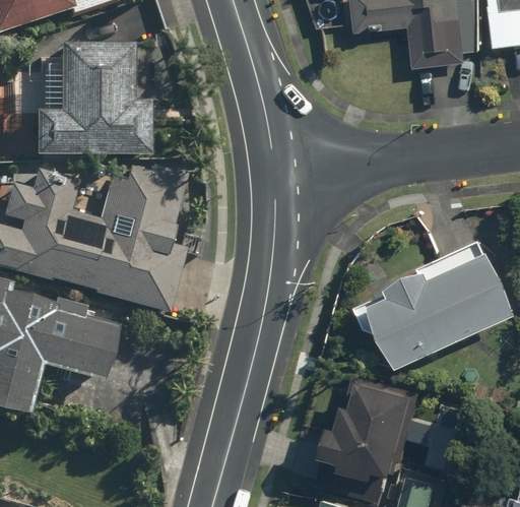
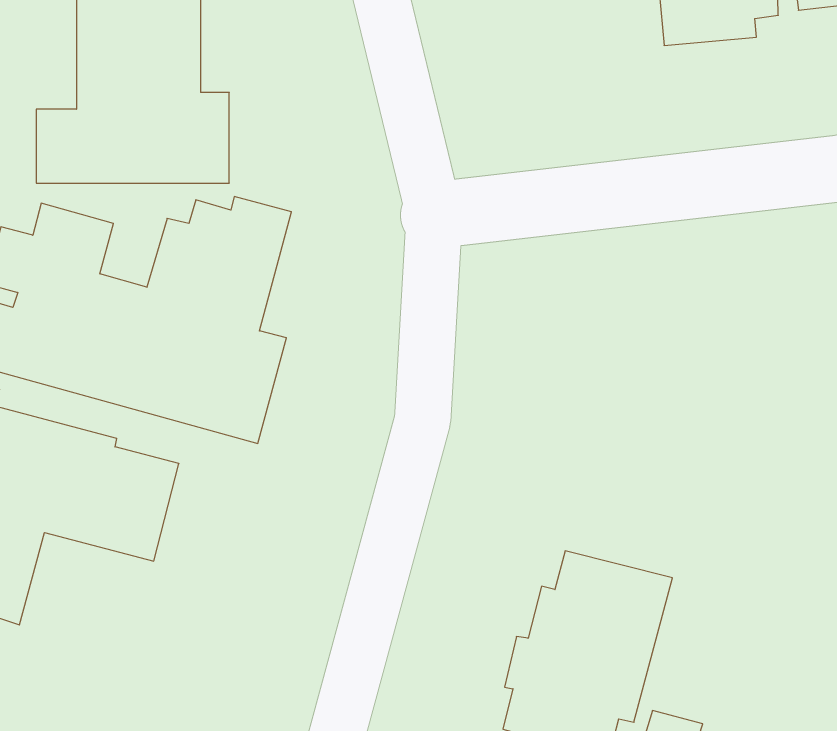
building: [366,252,511,366] -> none

